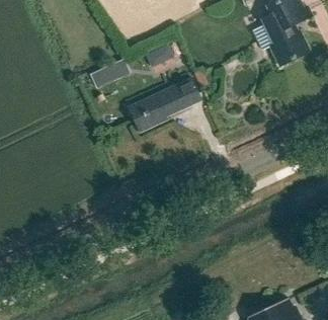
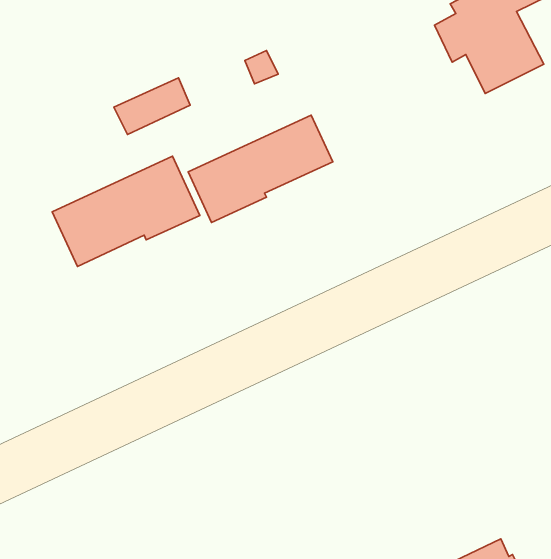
building: none -> [52,156,200,266]

